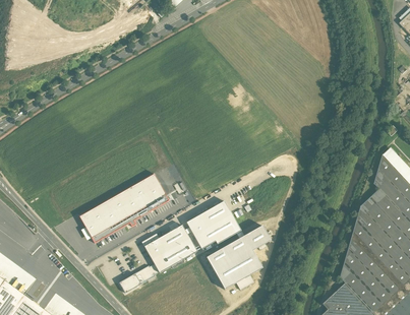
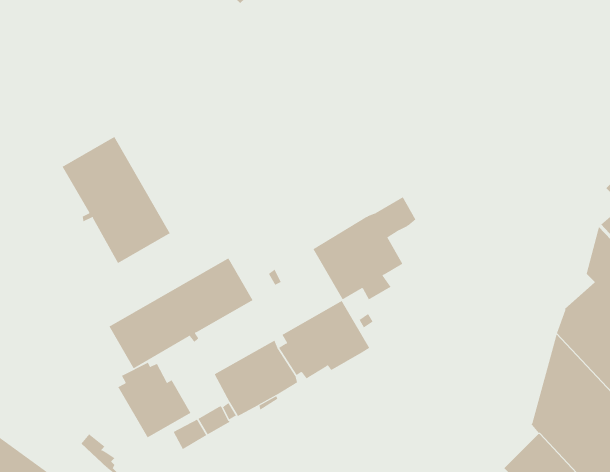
building: none -> [62,136,170,264]
building: [204,226,269,290] -> [313,196,416,300]
building: none -> [117,362,191,438]

